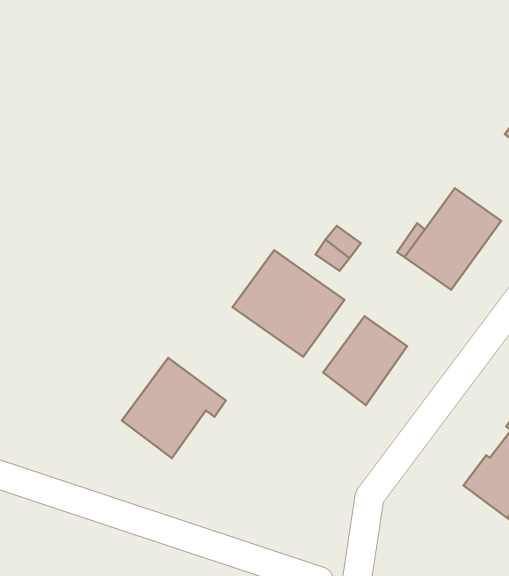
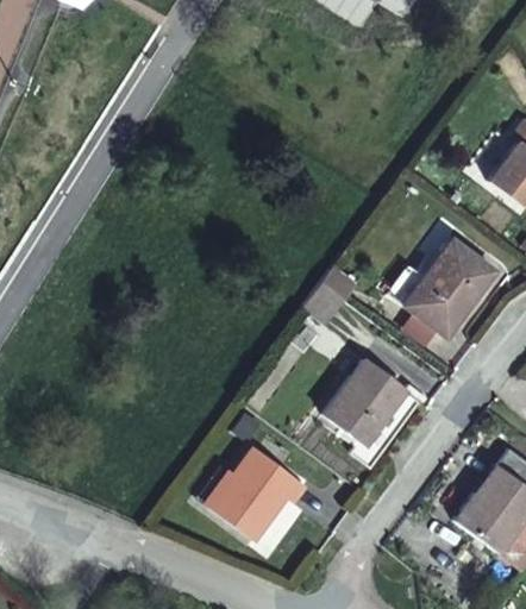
building: [233,250,345,357] -> none
building: [122,358,226,458] -> [211,446,309,541]

